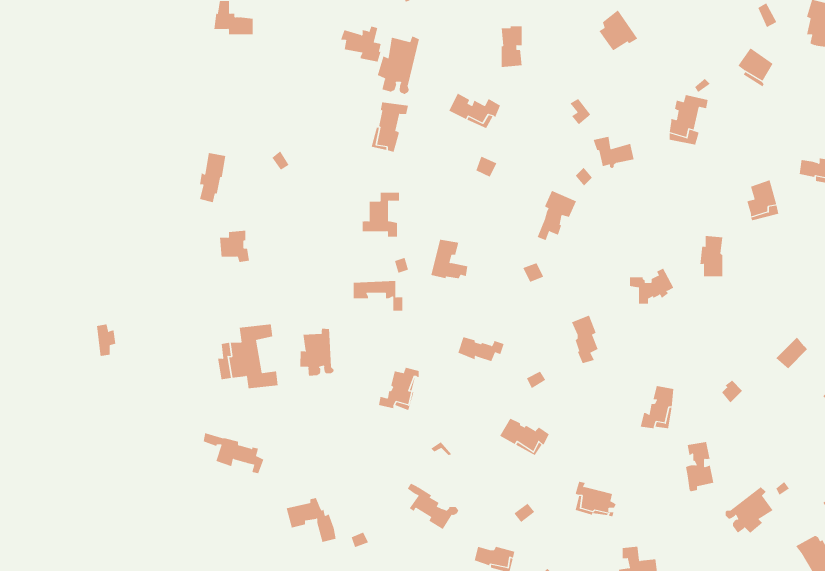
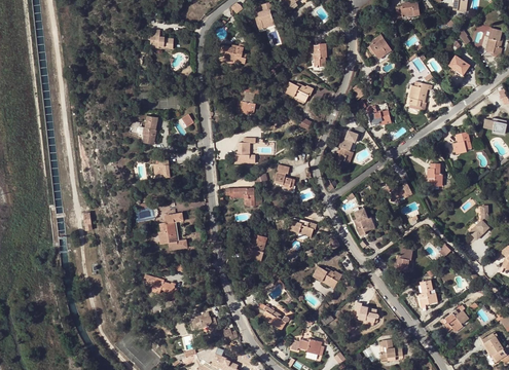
building: [377,35,420,95] -> none
building: [300,328,334,377] -> none

